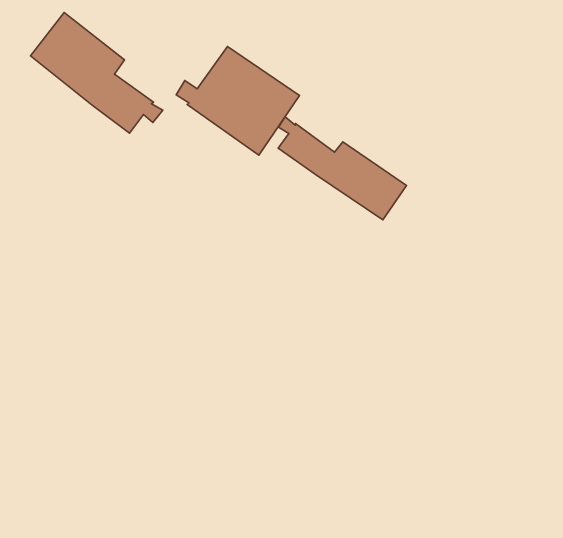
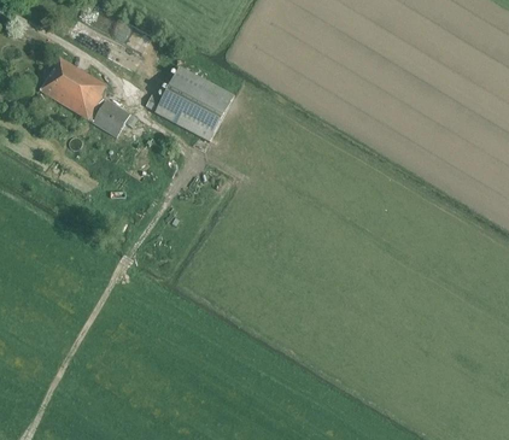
building: [278,117,407,220] -> none

